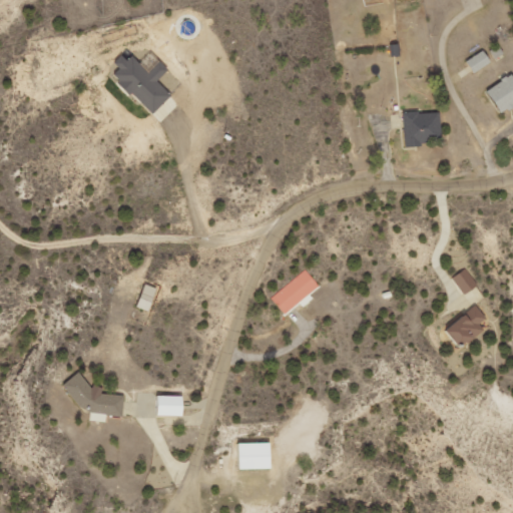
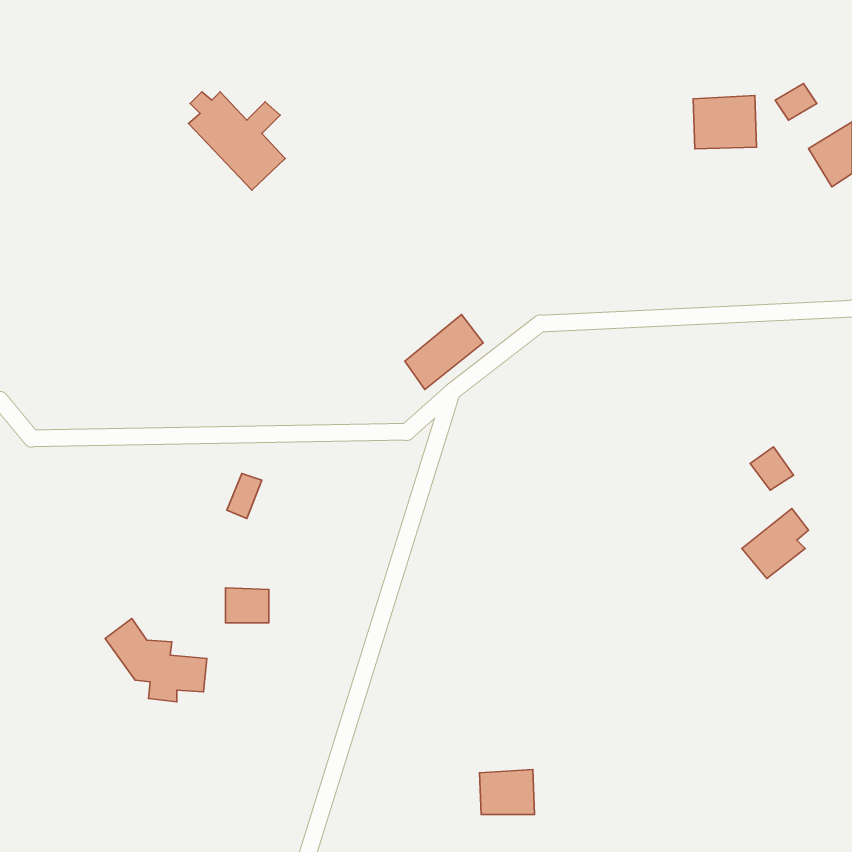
building: [403,111,441,143] -> [693,95,756,149]
building: [271,270,318,315] -> [405,314,483,390]
building: [157,395,183,416] -> [225,588,269,623]
building: [238,442,272,469] -> [479,769,534,814]

